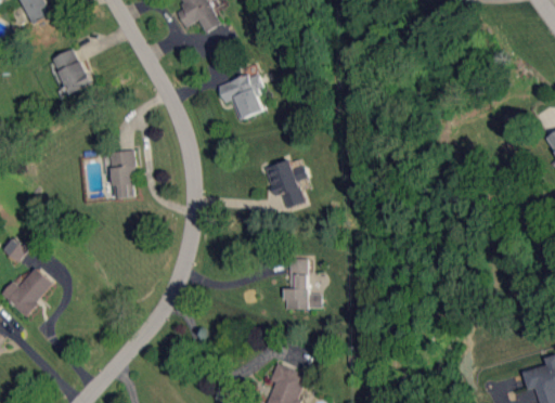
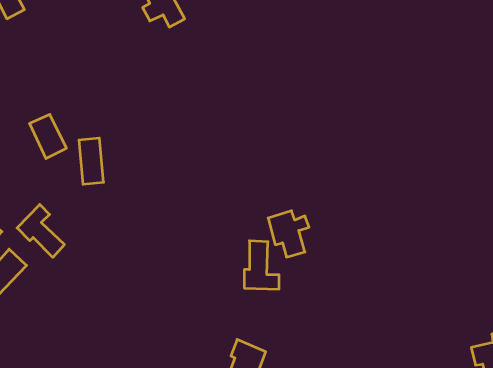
building: [52,48,91,94] -> [29,114,66,159]
building: [218,72,263,119] -> none
building: [266,159,309,208] -> [268,211,309,257]
building: none -> [17,204,64,257]

